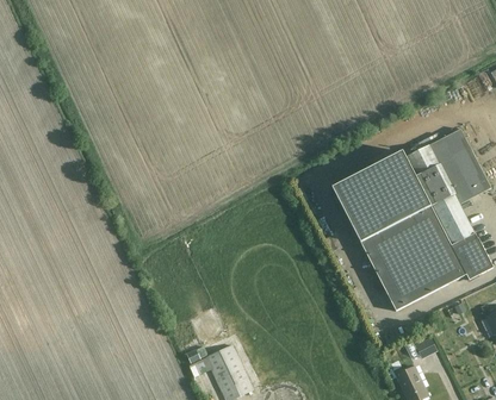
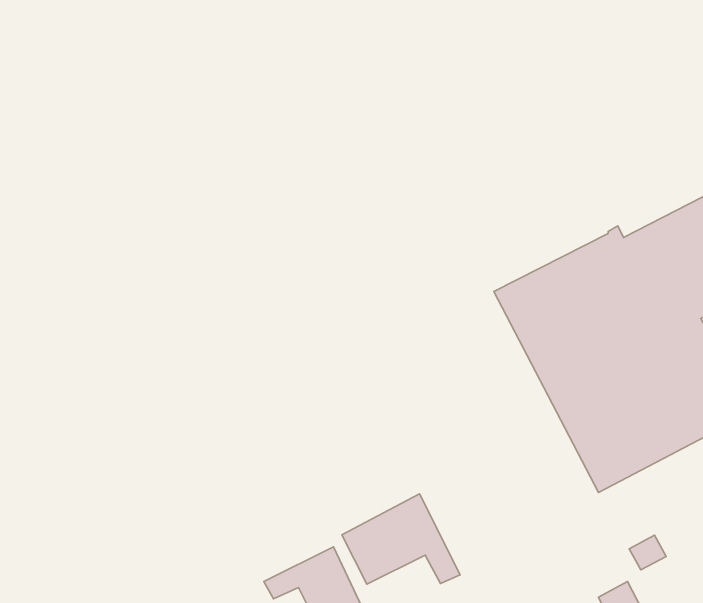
building: none -> [342,494,460,584]

